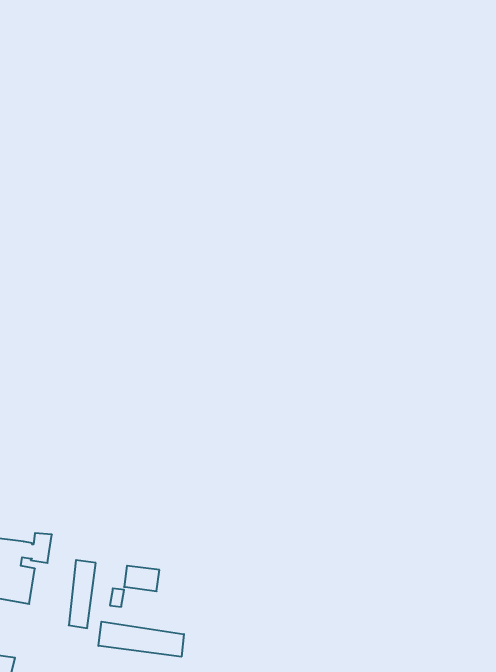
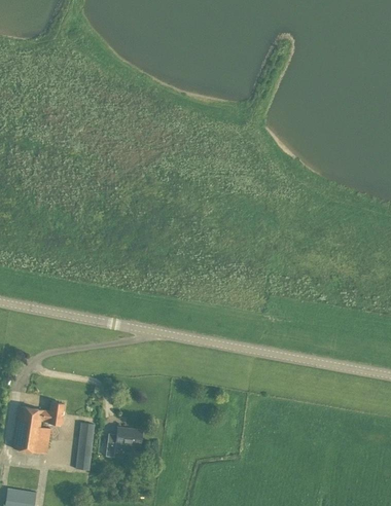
building: [98,622,184,657] -> none

